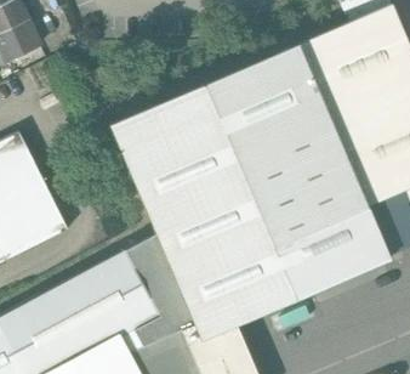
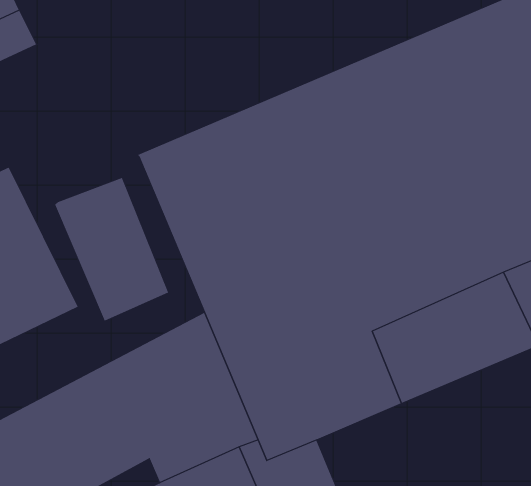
building: none -> [54,177,169,321]

